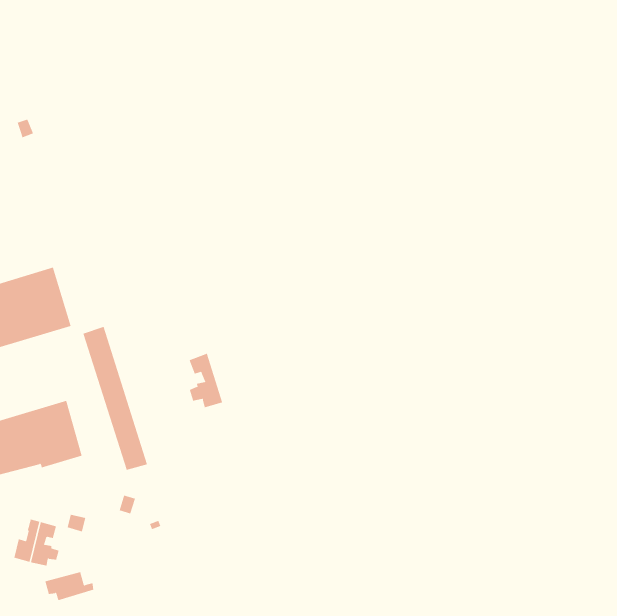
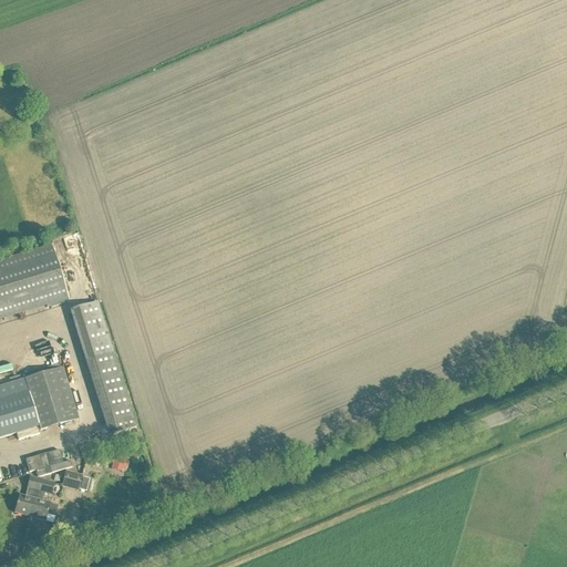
building: [189,353,223,408] -> none
building: [45,572,94,601] -> [23,449,69,475]

